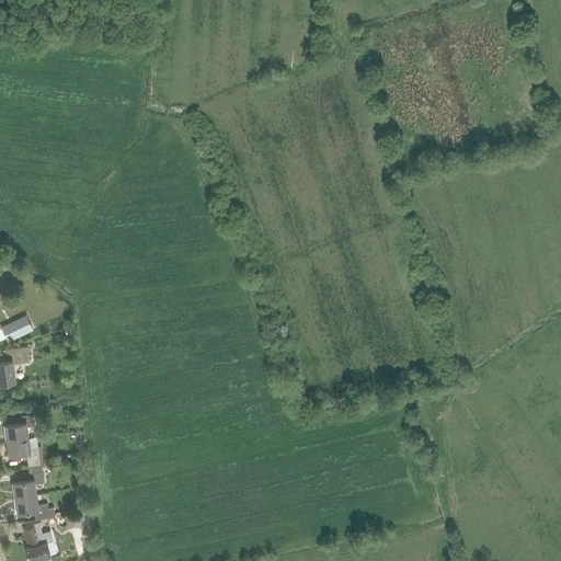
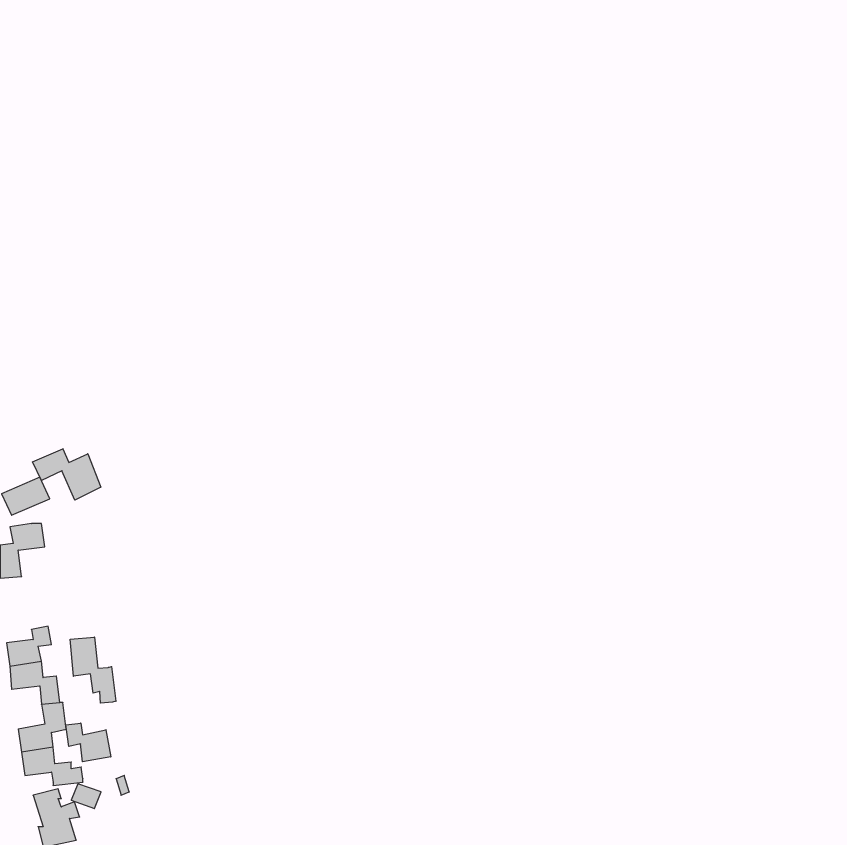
building: none -> [32,449,101,500]
building: none -> [70,637,116,703]
building: none -> [66,723,111,762]

